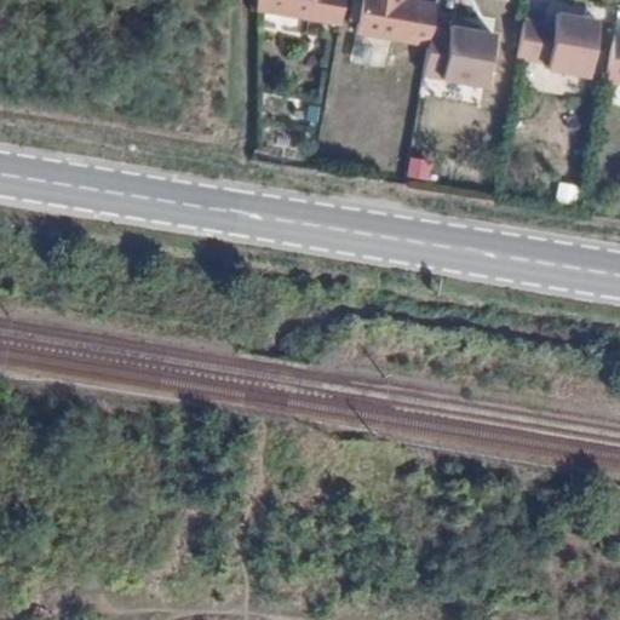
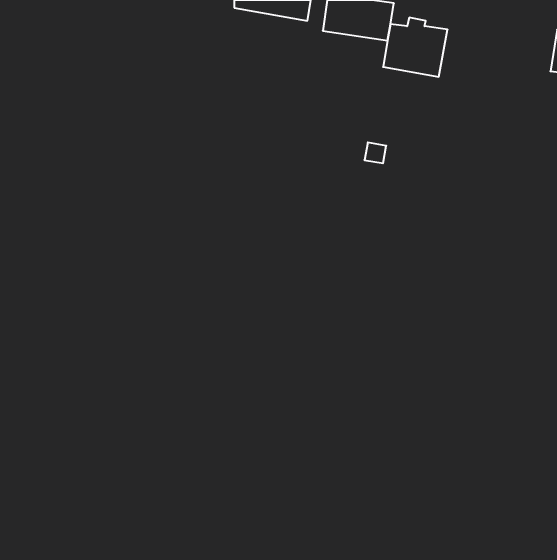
building: [522,12,603,75] -> none

